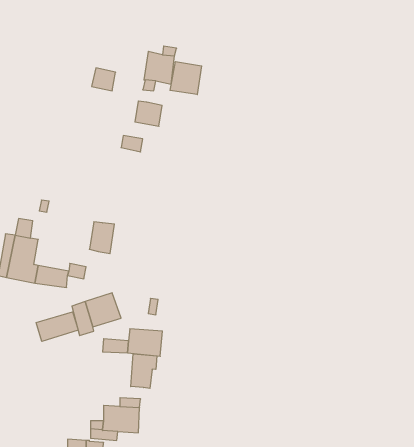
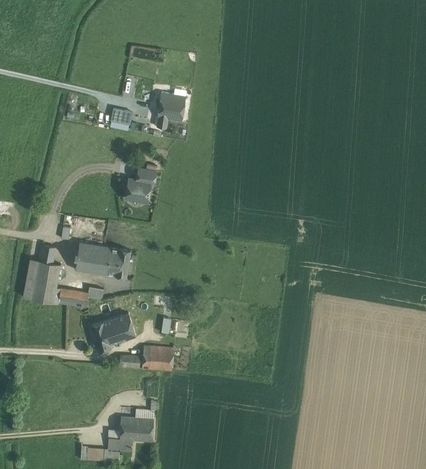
building: [170,62,202,95] -> none
building: [135,101,162,126] -> [125,179,150,202]
building: none -> [75,242,111,275]
building: [36,312,78,341] -> none
building: [131,354,157,388] -> none

